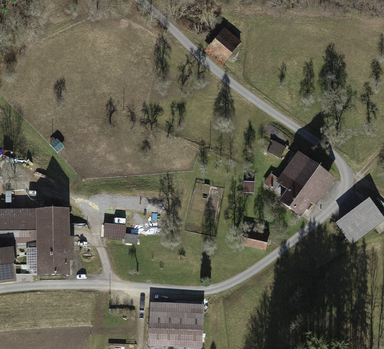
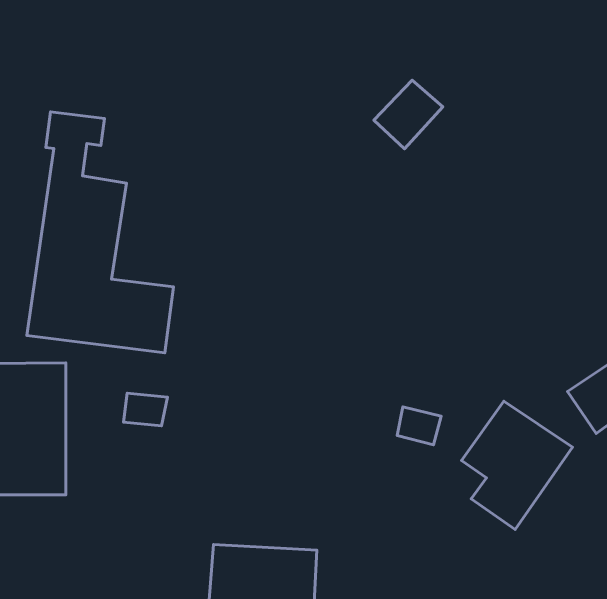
building: [204,28,240,64] -> [374,80,443,149]
building: none -> [27,112,174,353]
building: [276,149,334,216] -> [462,401,573,529]

